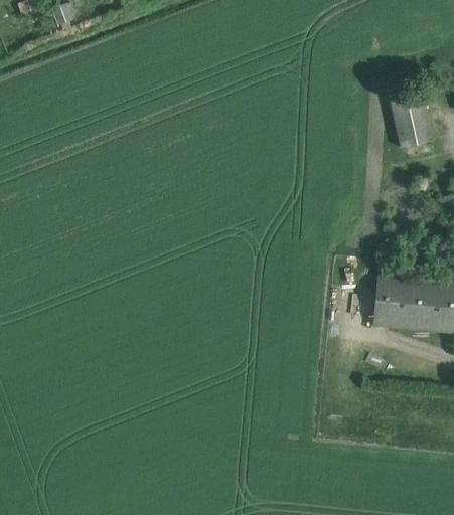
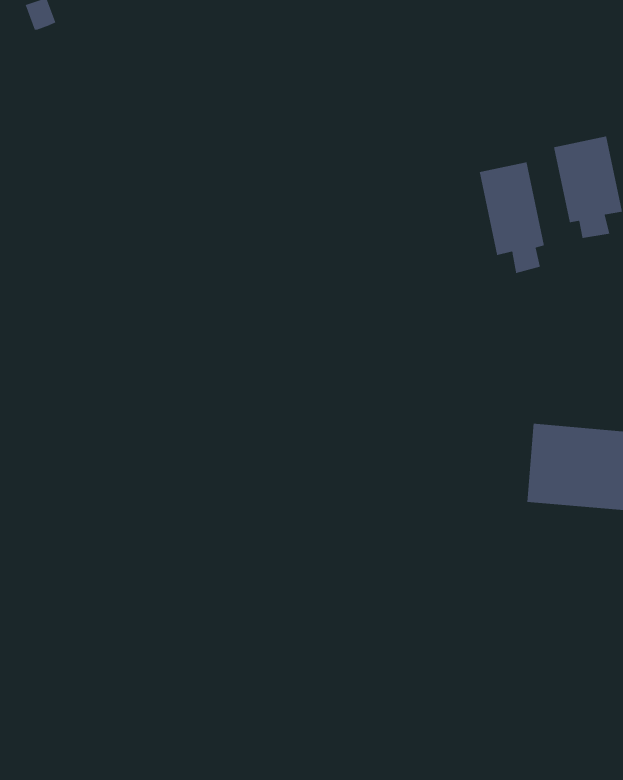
building: none -> [479,161,544,274]

